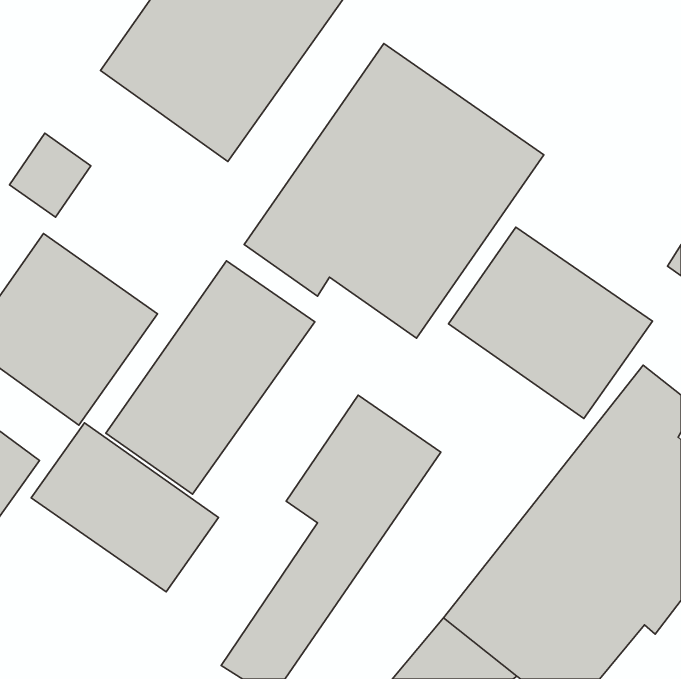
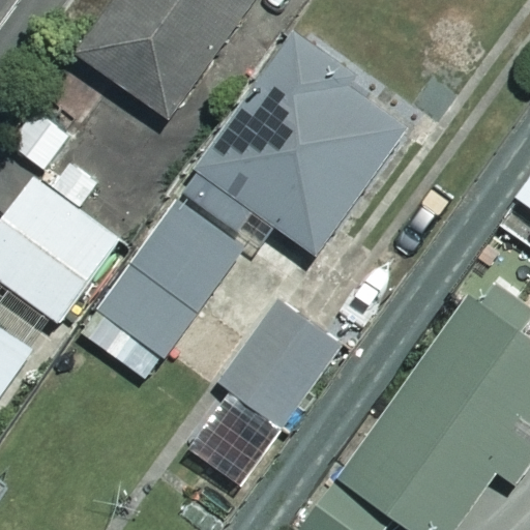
building: [449,227,652,419] -> none
building: [31,423,218,592] -> none

